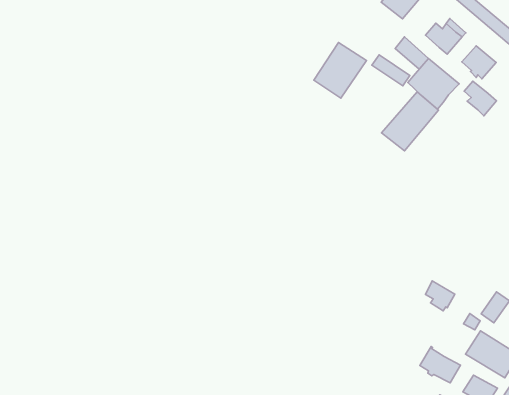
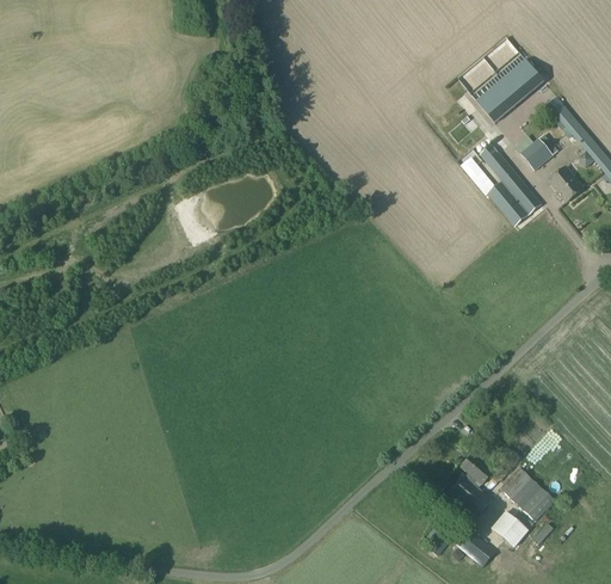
building: [314,43,367,98] -> none
building: [464,81,496,116] -> none
building: [382,92,439,151] -> none
building: [426,281,455,311] -> [459,453,490,486]

